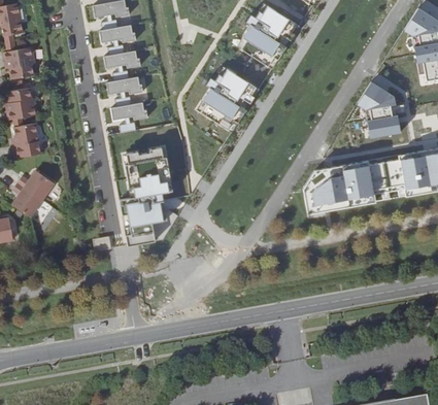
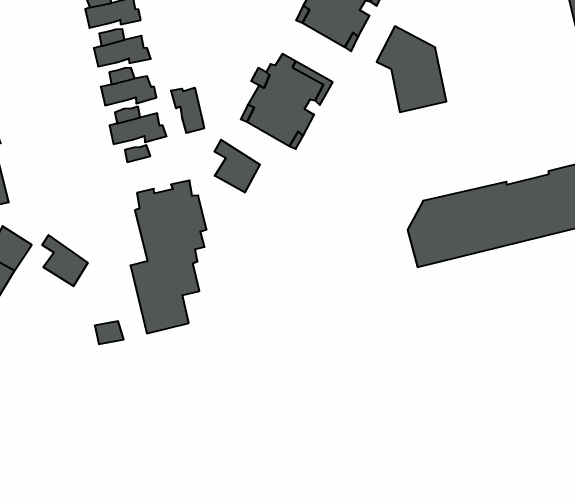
building: [357,80,401,137] -> [377,26,446,112]
building: none -> [171,88,204,133]
building: none -> [214,140,260,193]
building: none -> [42,235,88,286]

